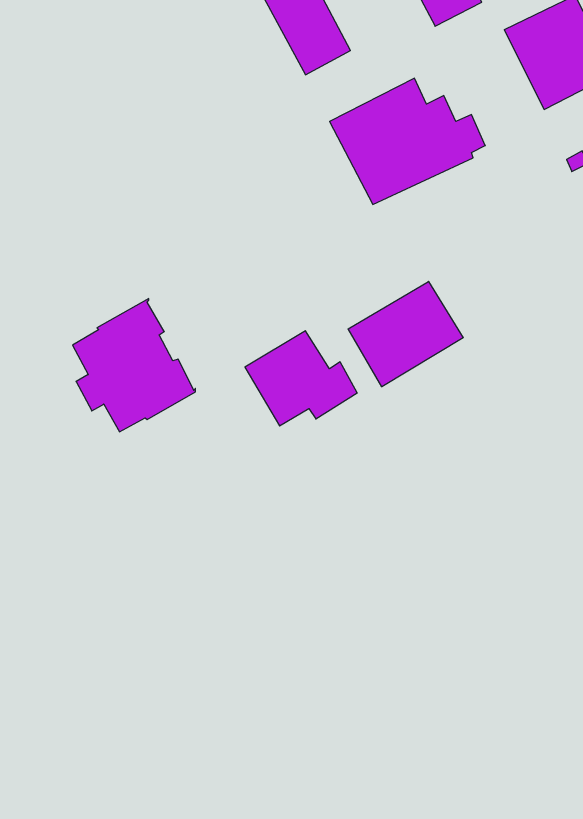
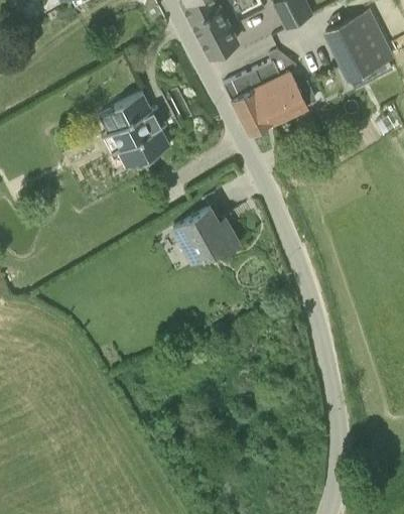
building: [348,281,463,387] -> none
building: [73,299,195,432] -> [100,93,171,170]

